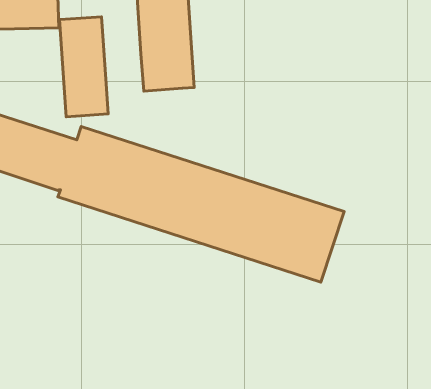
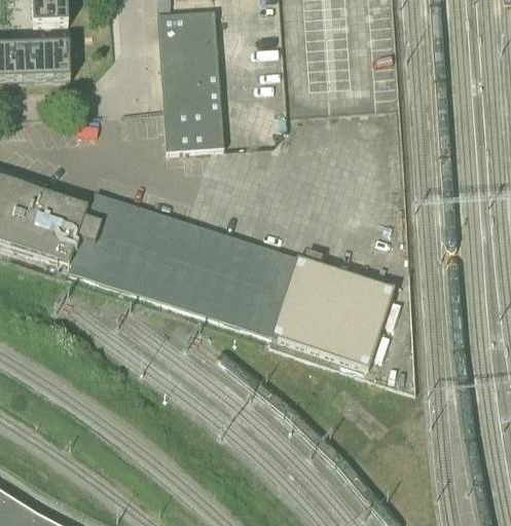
building: [60,17,108,117] -> none

